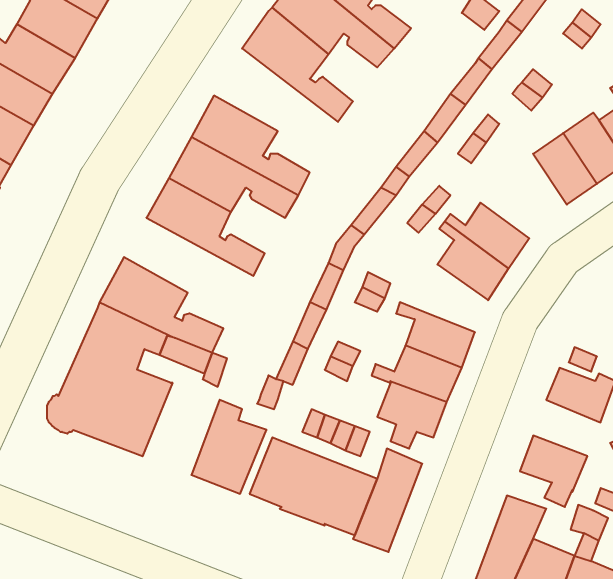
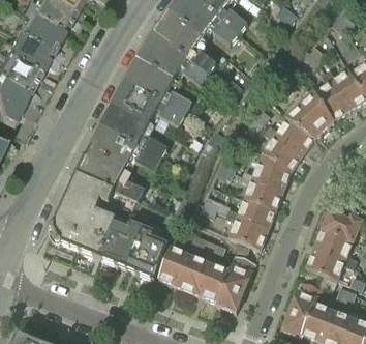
building: none -> [140,33,208,86]
building: none -> [285,90,335,139]
building: none -> [90,126,161,171]
building: none -> [252,151,291,190]
building: none -> [100,217,143,268]
building: none -> [315,227,353,258]

